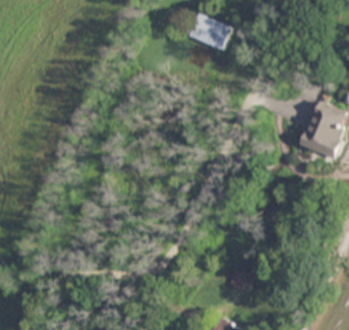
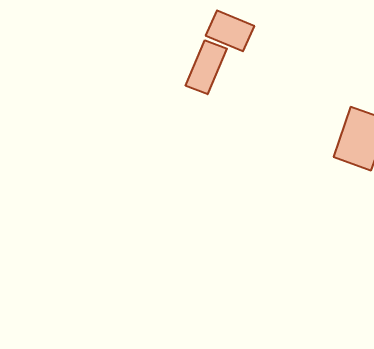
building: none -> [186,40,227,94]

